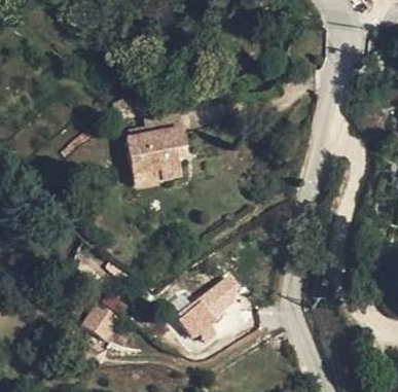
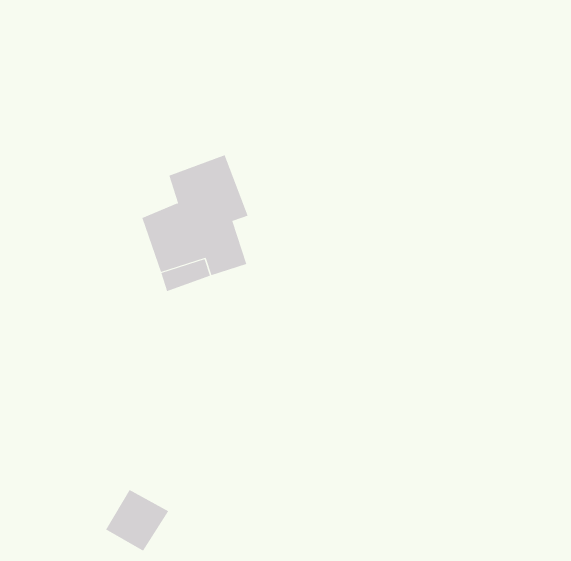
building: [181,278,253,338] -> none

